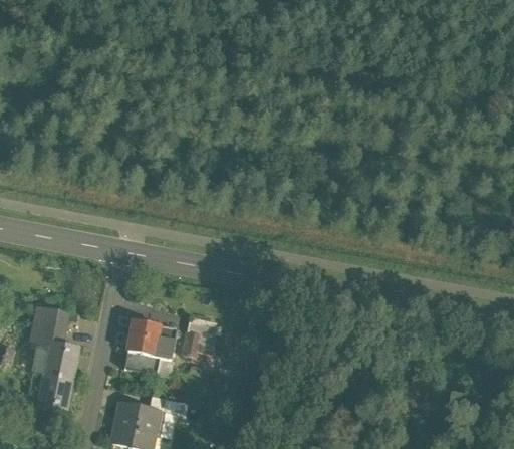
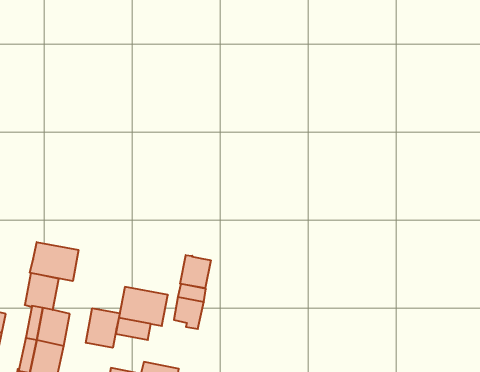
building: none -> [30,242,78,281]
building: none -> [180,255,211,288]
building: none -> [86,308,120,348]

